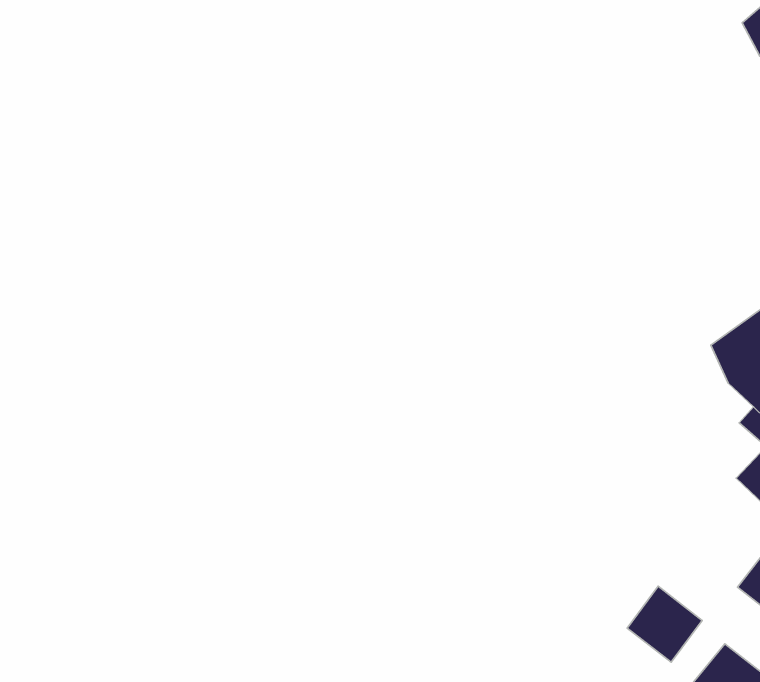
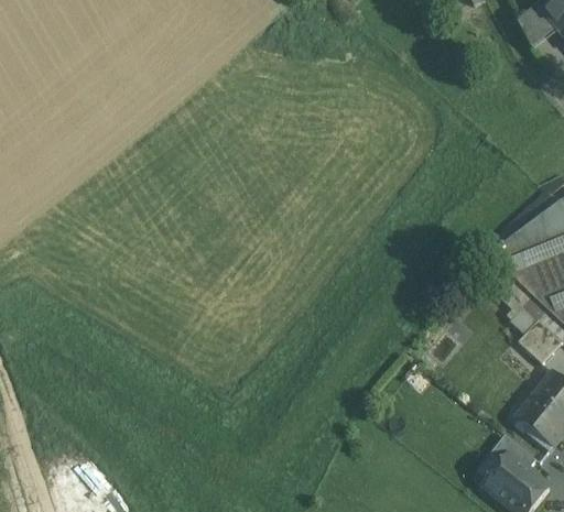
building: [627,586,702,662] -> none

